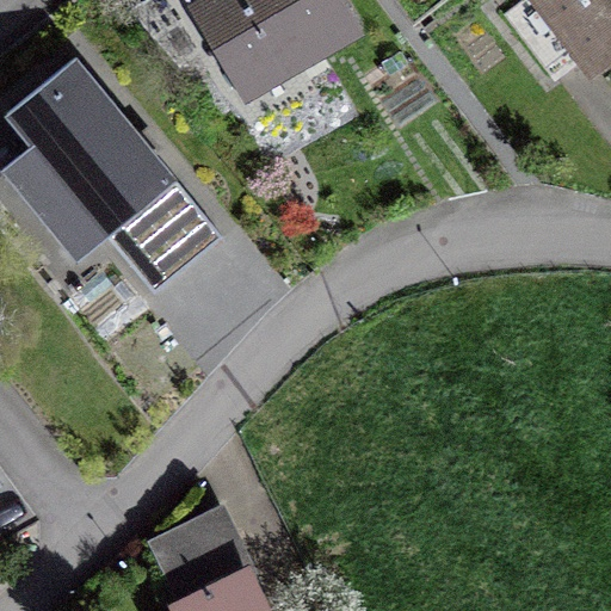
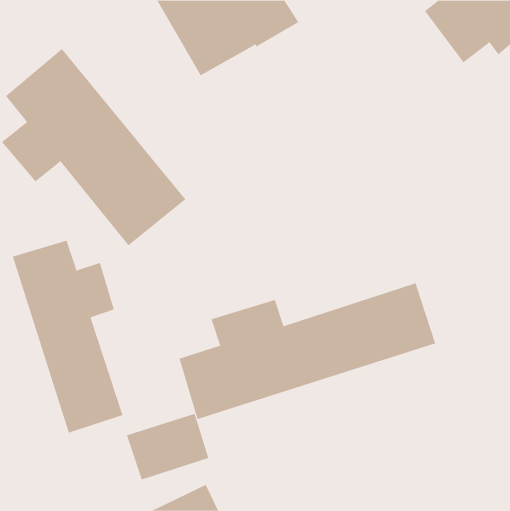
building: none -> [12,240,123,433]
building: none -> [179,283,436,420]

